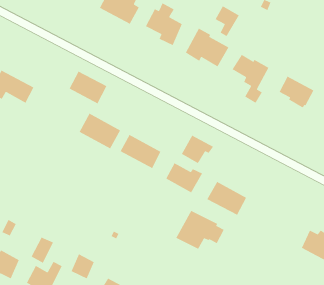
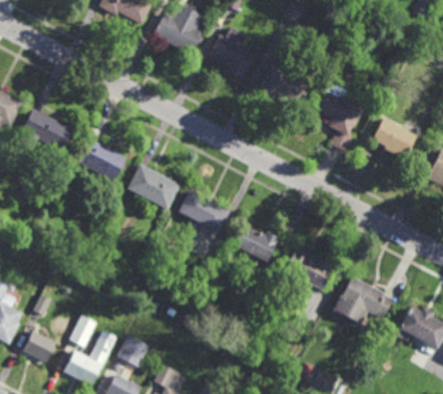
building: [214,5,240,37] -> none
building: [69,70,108,105] -> [78,137,125,179]
building: [181,134,214,164] -> none
building: [175,210,225,250] -> [332,276,393,325]

